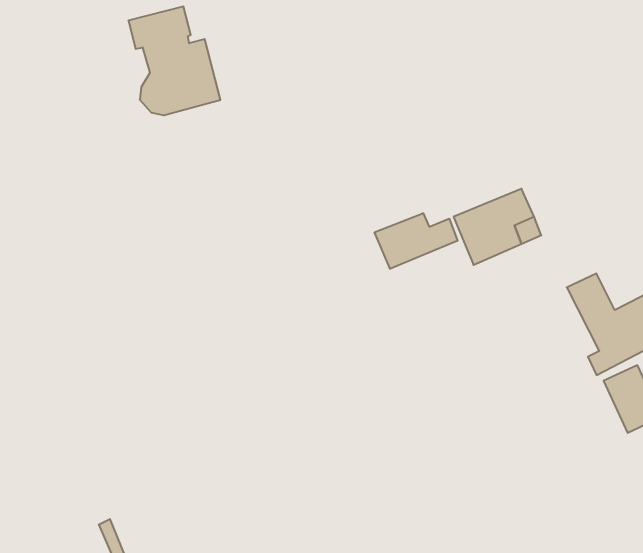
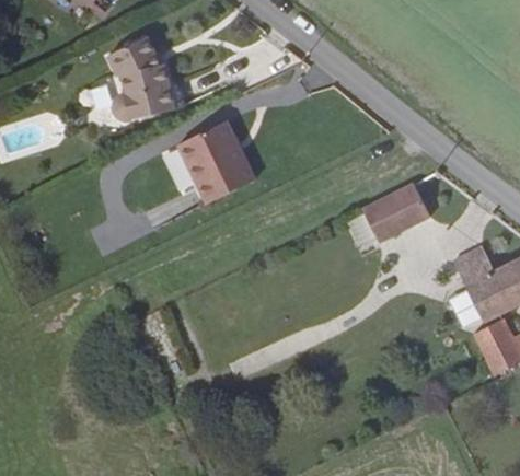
building: none -> [177,123,254,201]
building: [375,213,457,269] -> none

